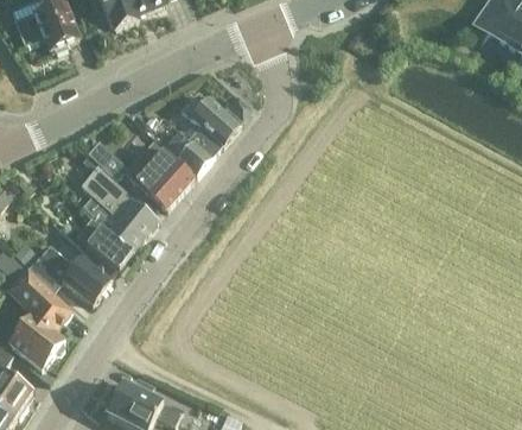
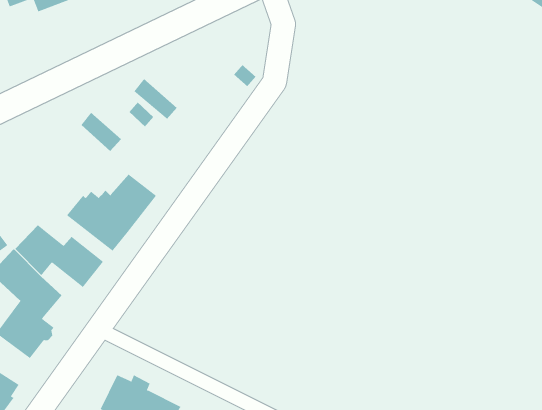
building: [178,90,241,172] -> none
building: [136,150,193,207] -> none
building: [81,162,133,215] -> none

